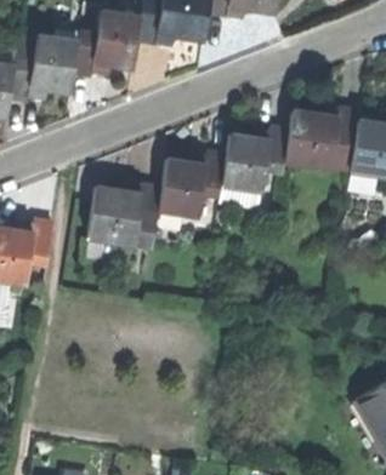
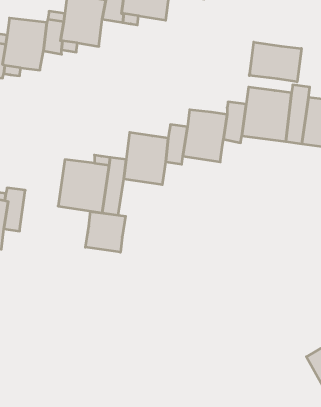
building: none -> [249,42,301,82]
building: none -> [85,211,126,252]

